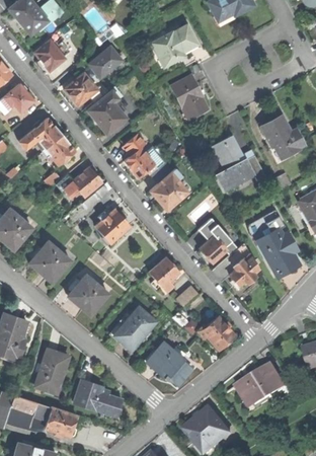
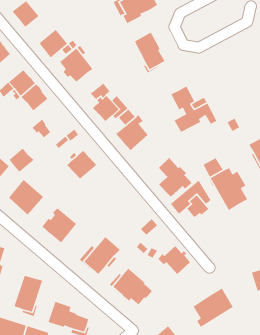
building: [90,47,121,77] -> none
building: [260,115,304,157] -> none
building: [72,167,101,196] -> [8,148,34,173]
building: [149,256,179,292] -> none

